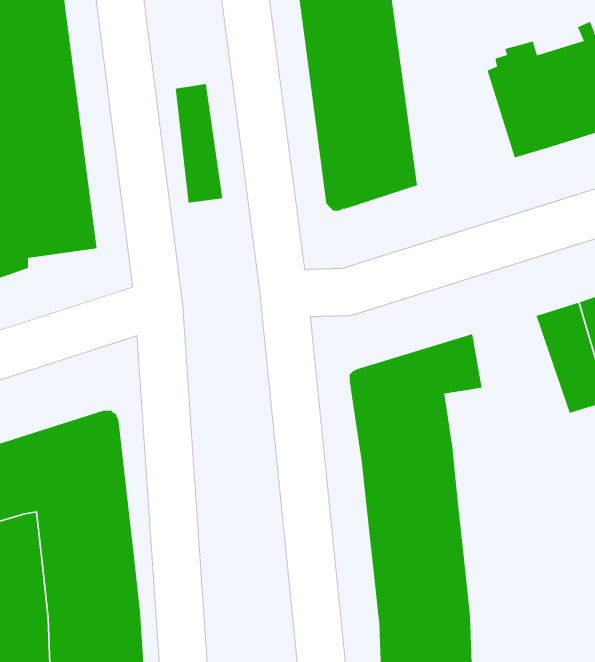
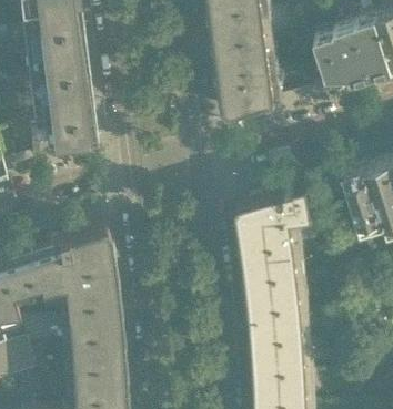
building: [175,83,223,203] -> none

